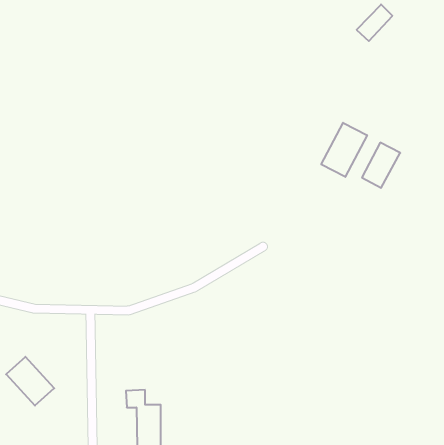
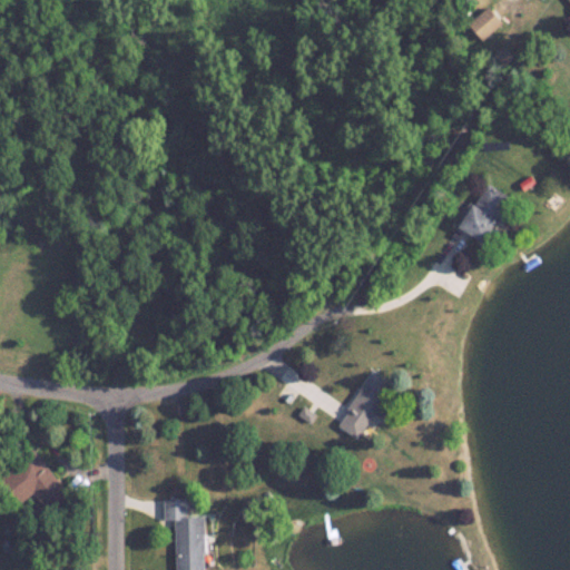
building: [321,123,367,177] -> none
building: none -> [335,372,393,441]

